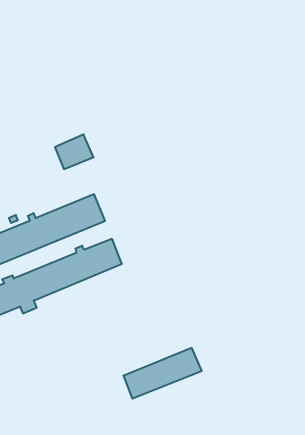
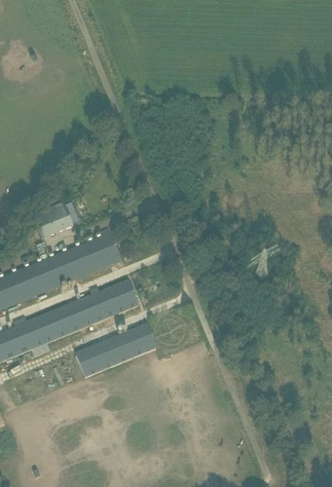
building: [55,134,94,169] -> [34,201,74,237]
building: [123,348,202,399] -> [76,324,157,376]

